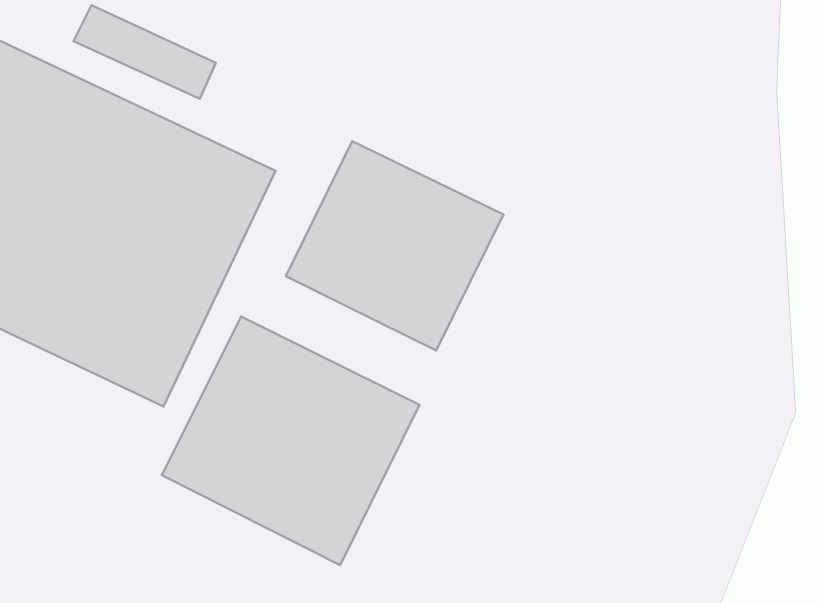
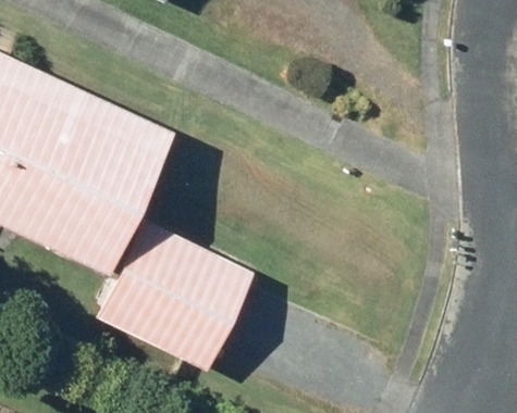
building: [286,141,504,350] -> none

